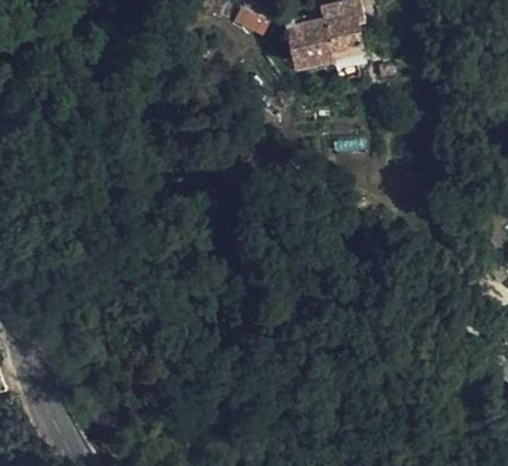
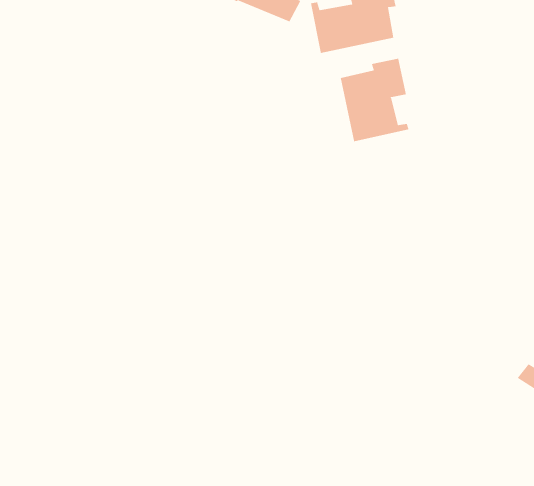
building: none -> [340,58,409,142]

